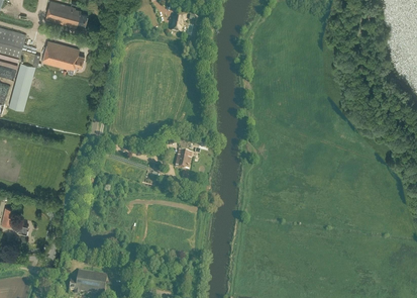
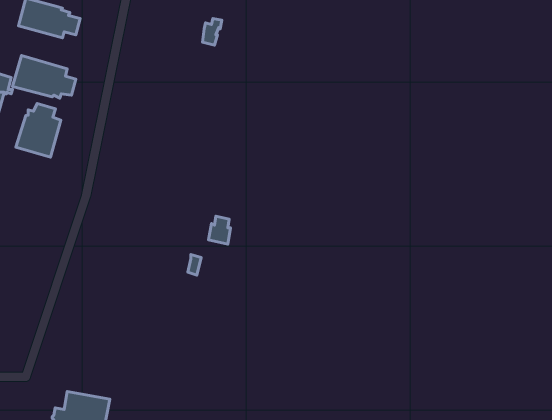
building: none -> [16,104,61,157]

